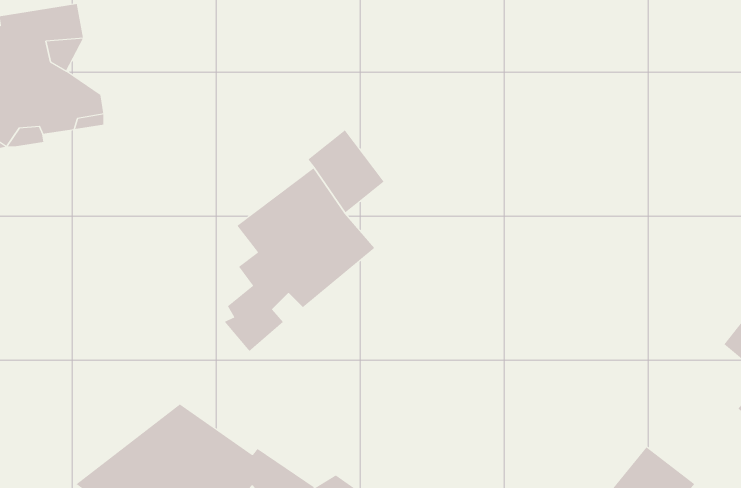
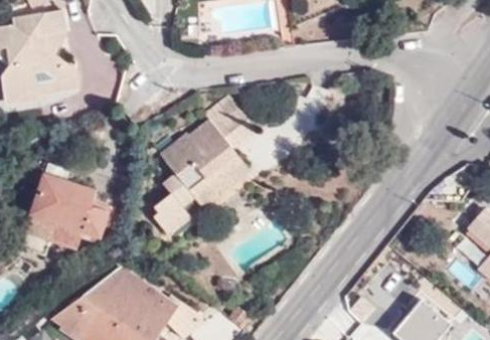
building: none -> [18,162,117,252]

